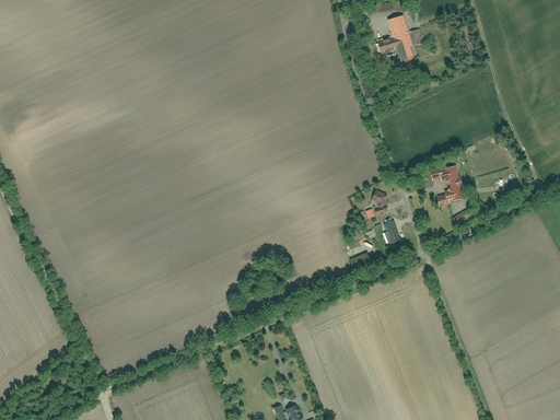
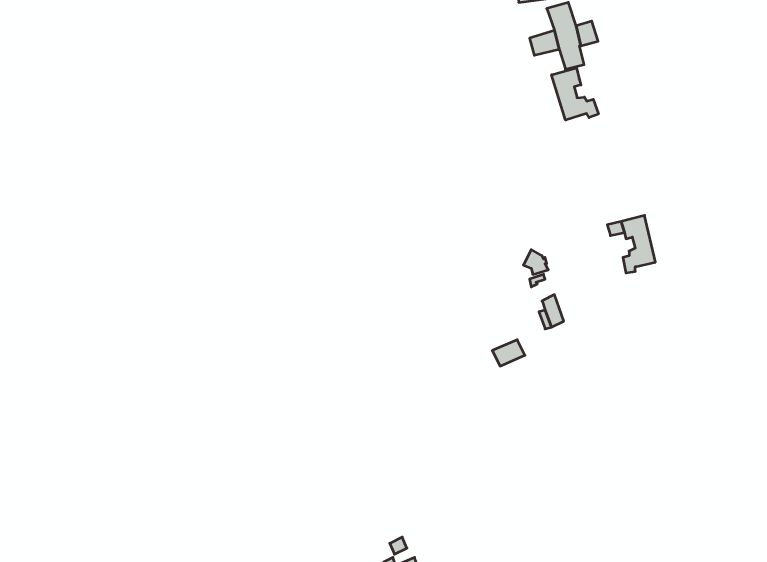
building: none -> [552,68,598,120]

